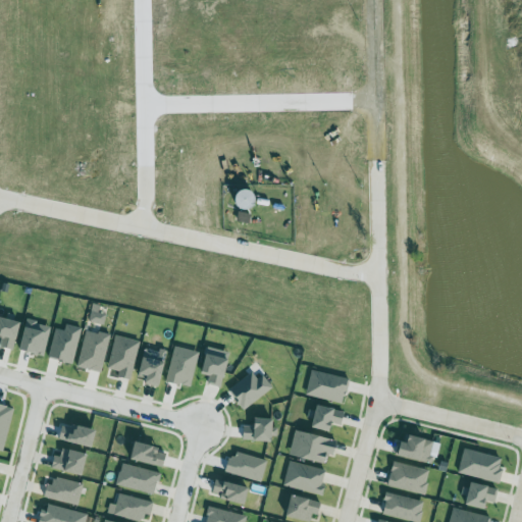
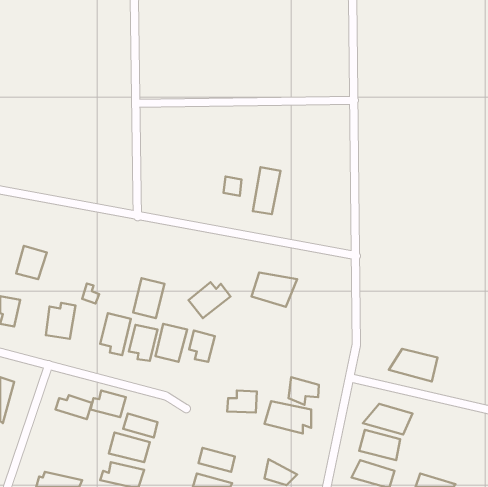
building: none -> [253,167,280,214]
building: [19,319,52,355] -> [16,246,47,279]
building: [76,329,110,372] -> [133,278,165,318]
building: [303,366,352,403] -> [251,273,297,307]
building: [228,371,273,410] -> [189,282,231,318]
building: [450,446,502,480] -> [389,349,437,381]
building: [51,447,89,475] -> [91,390,126,417]
building: [226,450,267,481] -> none
building: [277,458,322,497] -> none
building: [44,475,84,505] -> none
building: [459,477,494,506] -> none

